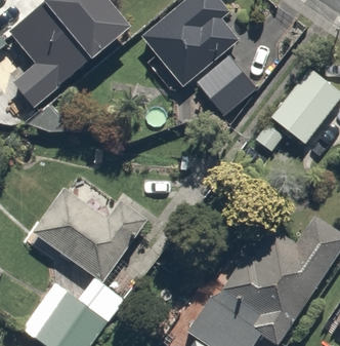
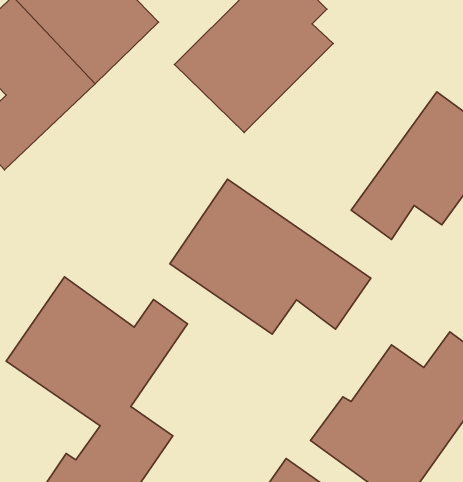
building: [197,53,258,115] -> none
building: none -> [170,179,371,334]

